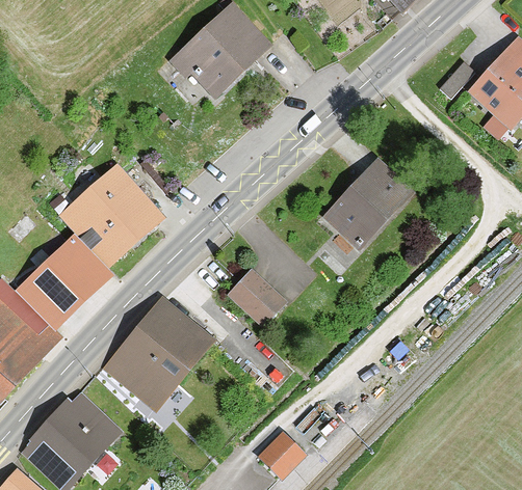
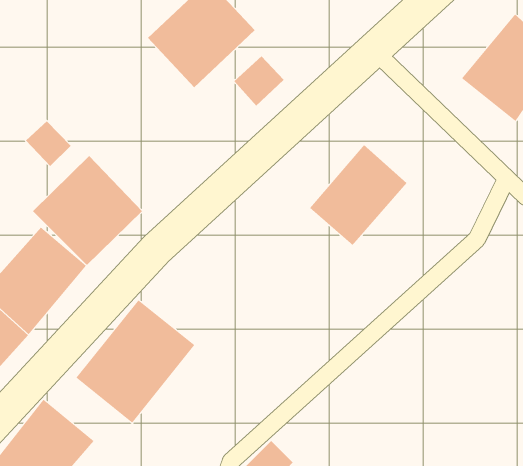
building: none -> [233,56,284,106]
building: none -> [25,120,72,167]
building: [226,264,290,326] -> none

